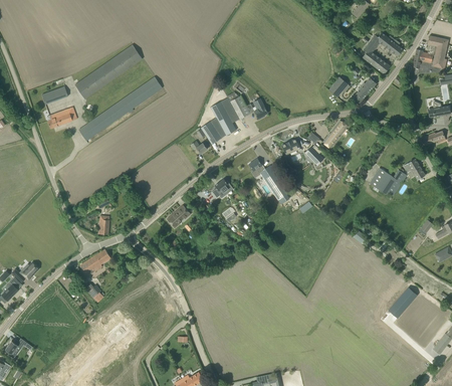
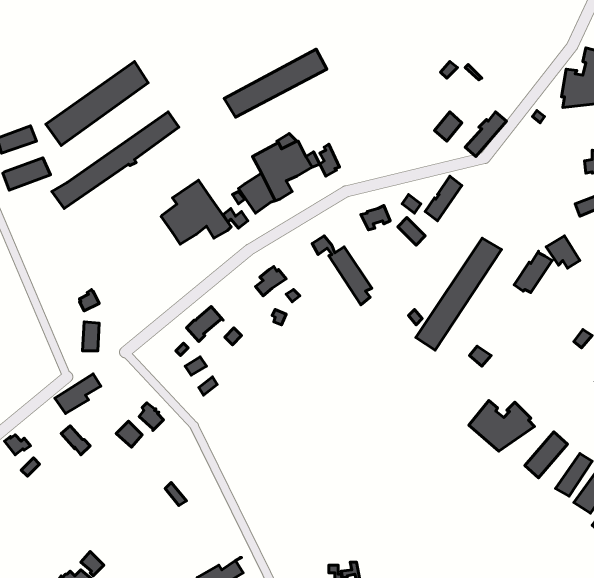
building: [363,32,403,74] -> none
building: none -> [224,49,327,117]
building: none -> [161,180,231,244]
building: none -> [416,238,502,350]
building: none -> [469,400,534,451]

